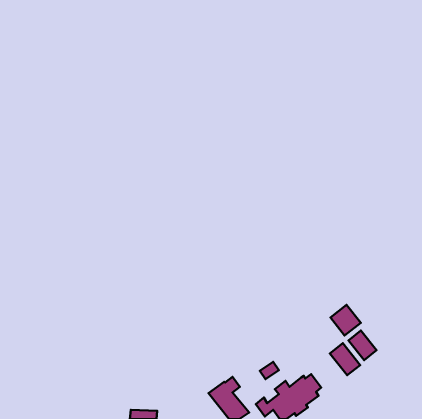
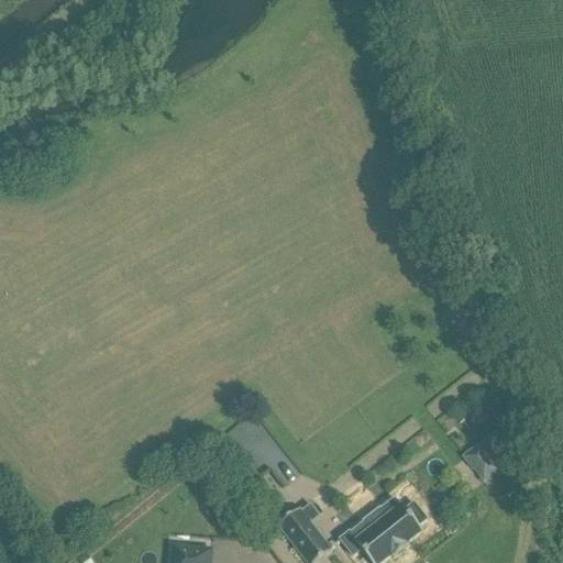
building: [330,305,361,336] -> none
building: [330,343,360,375] -> none

